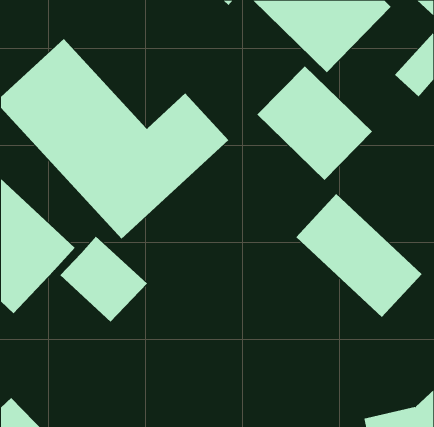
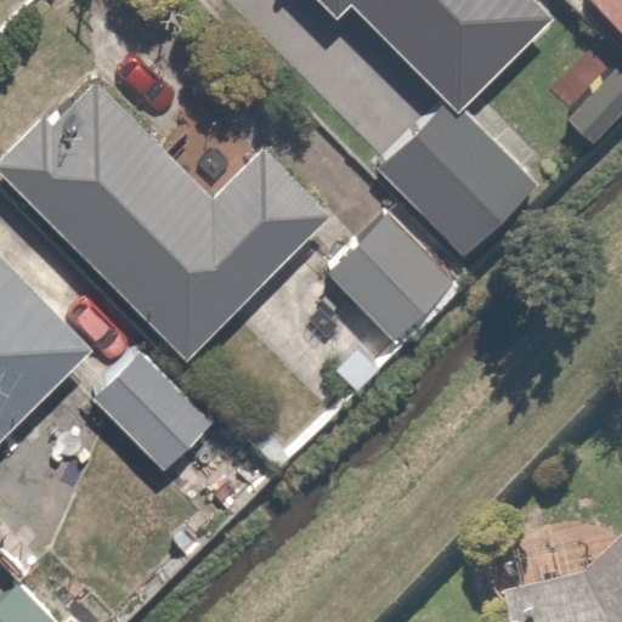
building: none -> [326,207,462,340]
building: [296,193,423,318] -> none

